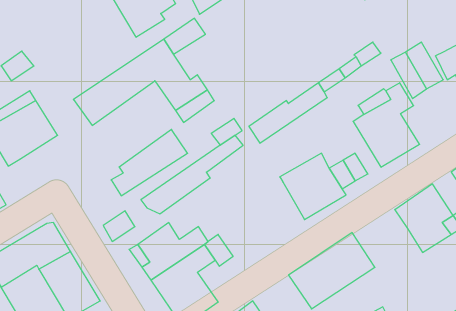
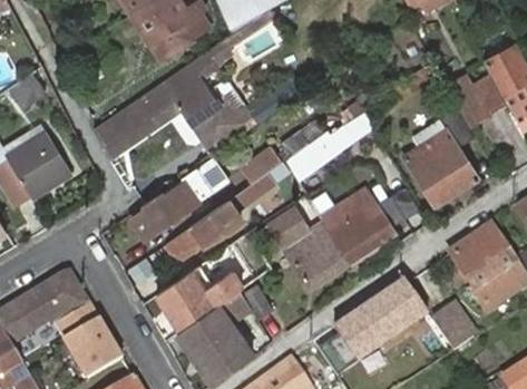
building: none -> [267,206,350,289]
building: none -> [429,302,472,348]

